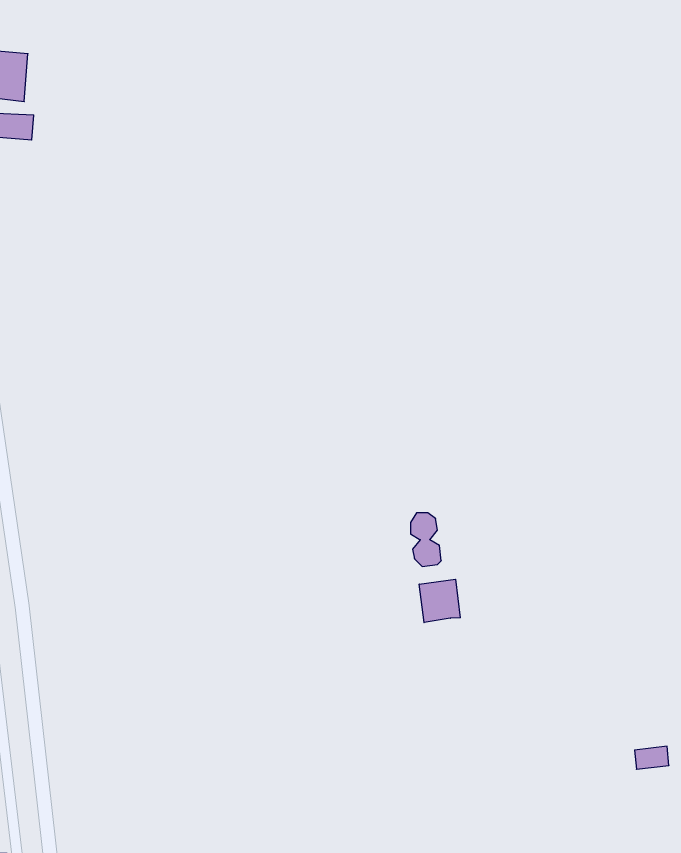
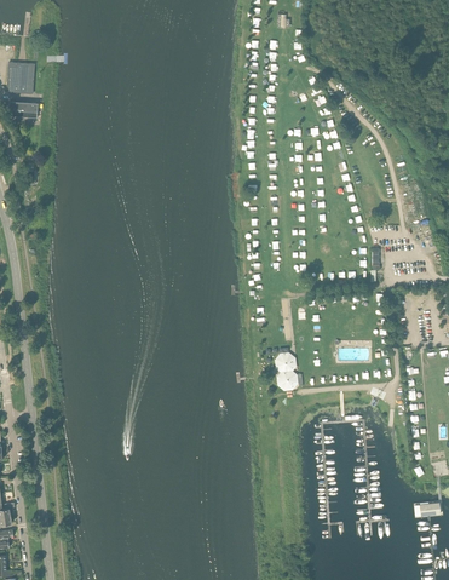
building: [419,579,460,623] -> none

